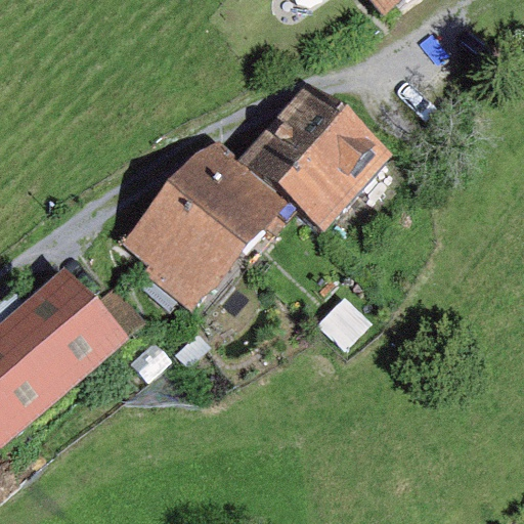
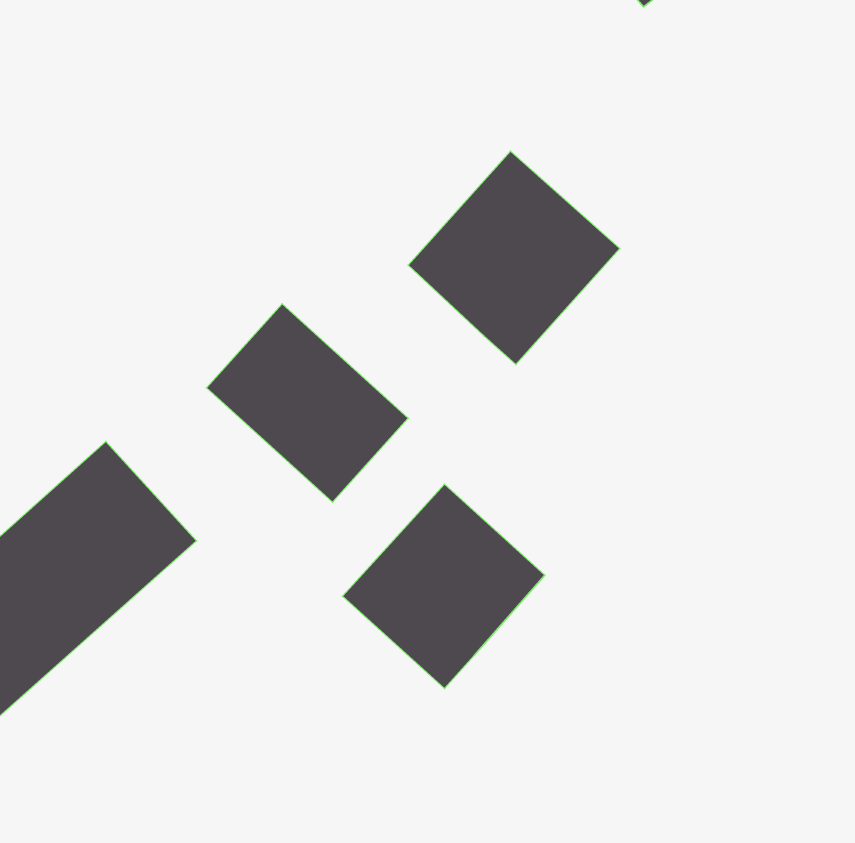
building: [172,135,295,255] -> none
building: none -> [343,484,545,688]

